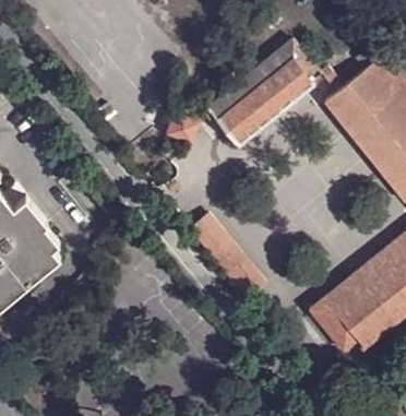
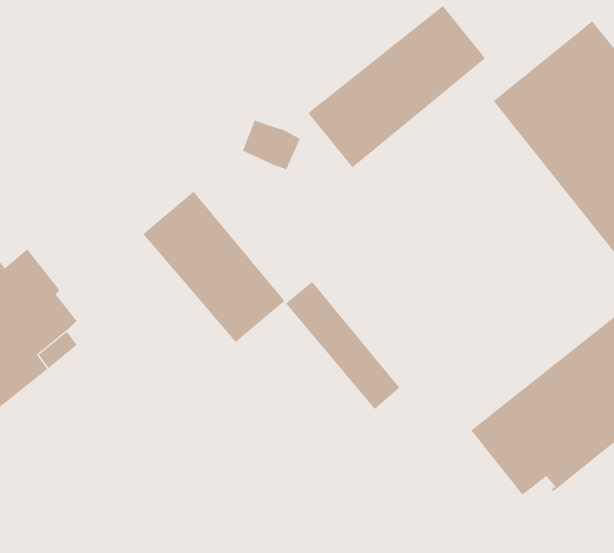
building: none -> [142,191,285,343]

